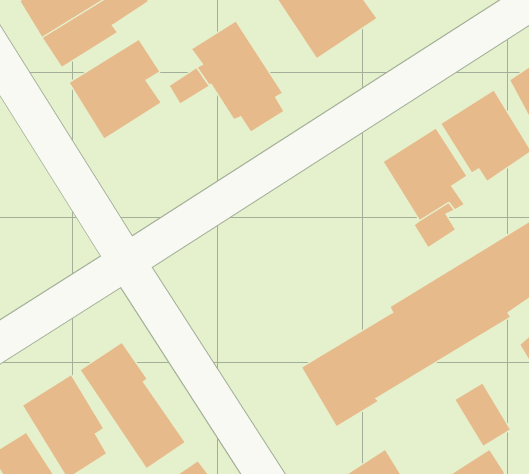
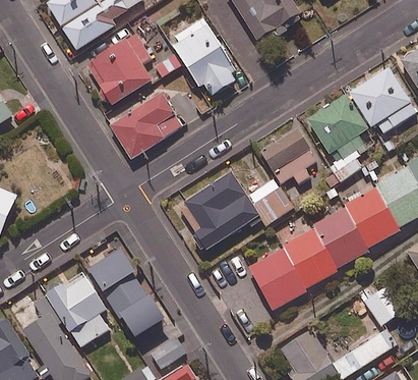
building: none -> [107,88,180,155]
building: none -> [261,128,316,185]
building: none -> [177,172,293,251]

